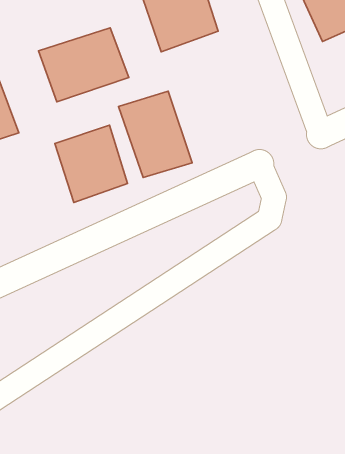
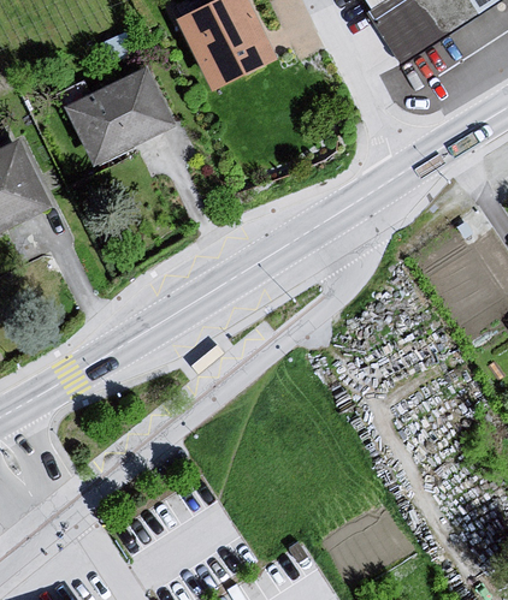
building: [118,91,192,177] -> none
building: [55,125,128,203] -> none

